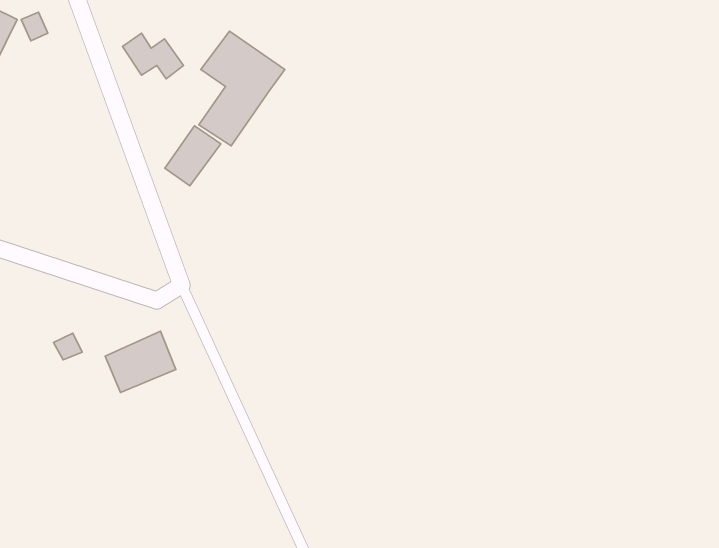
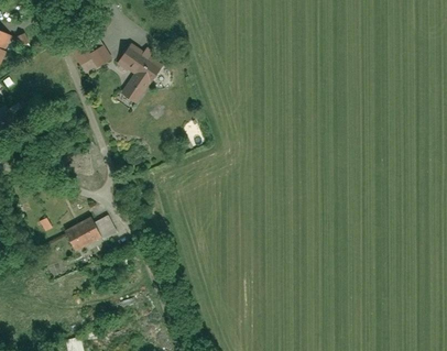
building: [165,126,221,186] -> none

